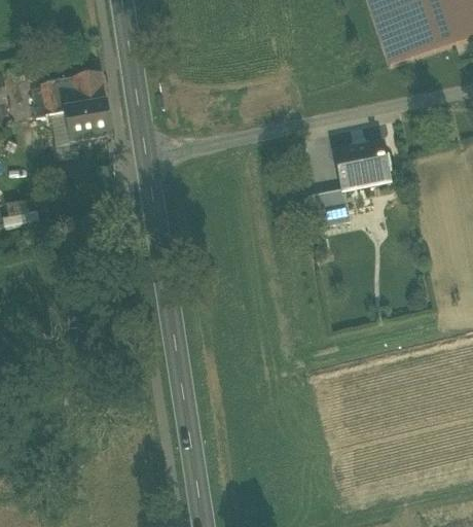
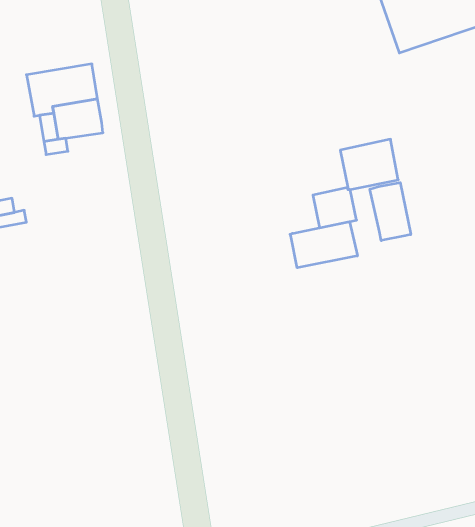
building: none -> [370,183,411,241]
building: none -> [290,222,357,268]

